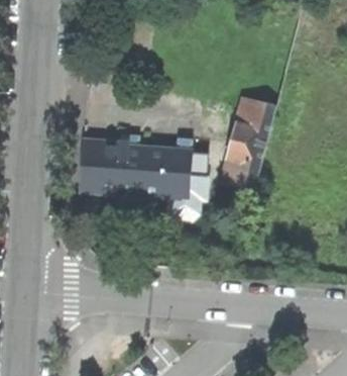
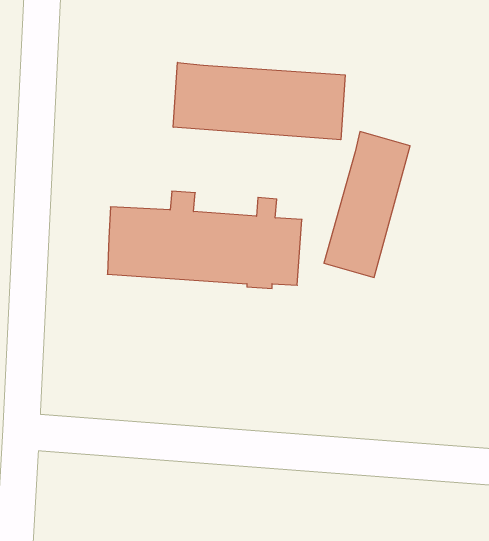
building: none -> [173,62,345,140]

